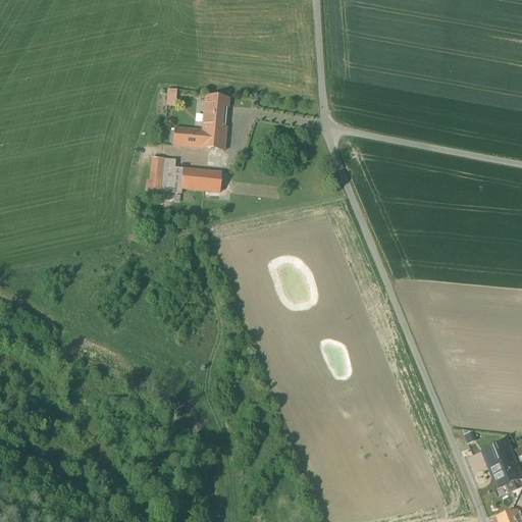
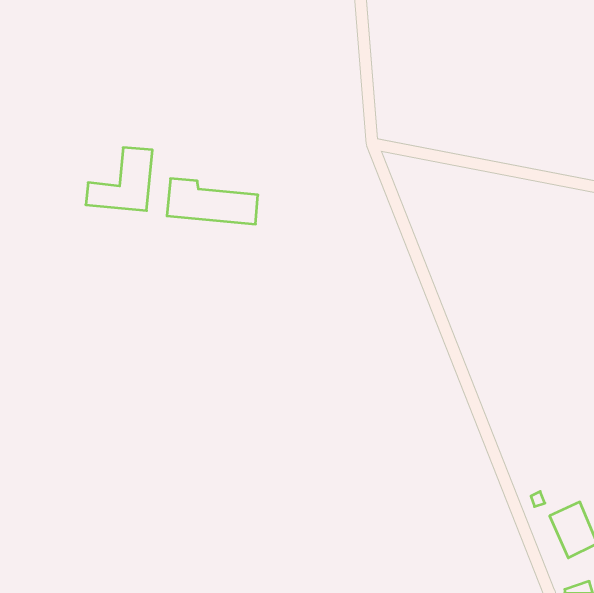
building: [171,94,229,149] -> [86,148,152,211]

